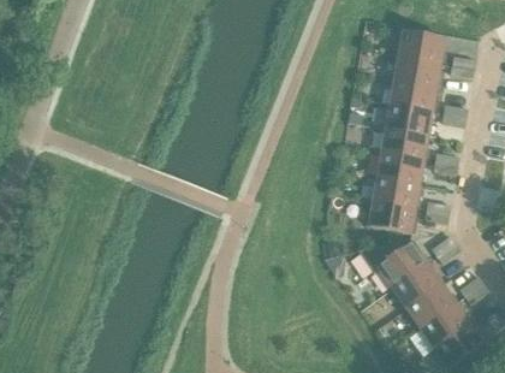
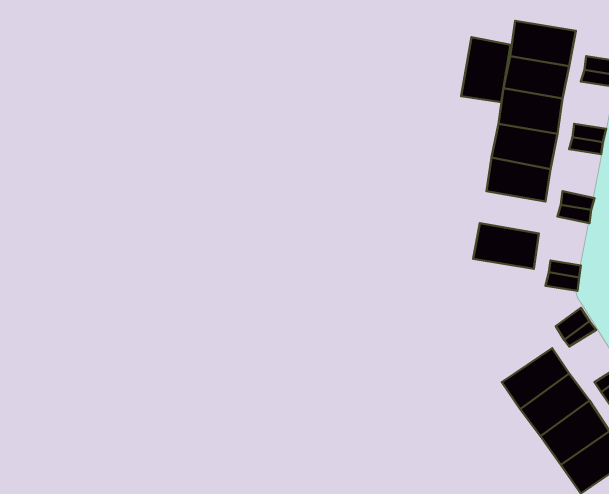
building: none -> [461,37,511,102]
building: [376,152,423,182] -> none
building: [368,200,415,232] -> none
building: [376,241,428,288] -> none

